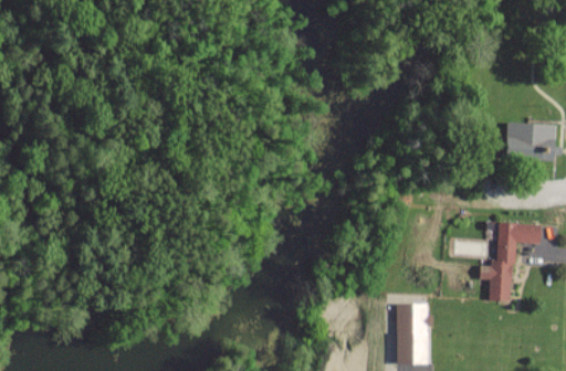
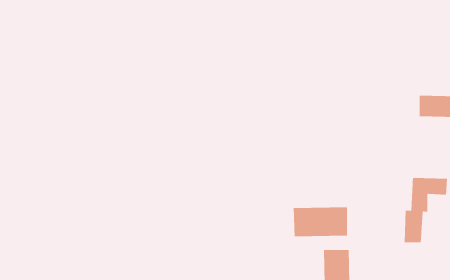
building: none -> [293,206,347,237]

